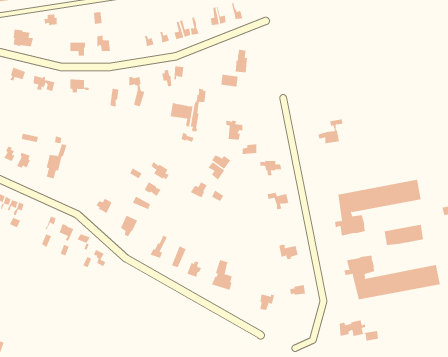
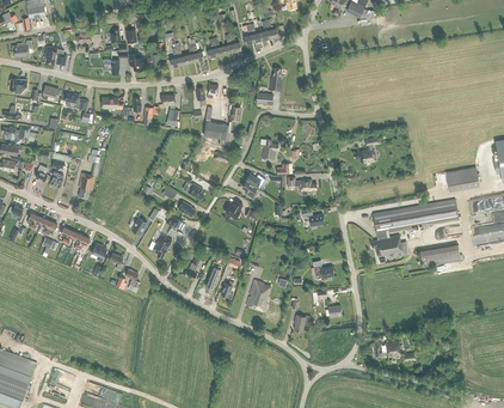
building: none -> [445,165,478,190]
building: [344,255,440,300] -> none

